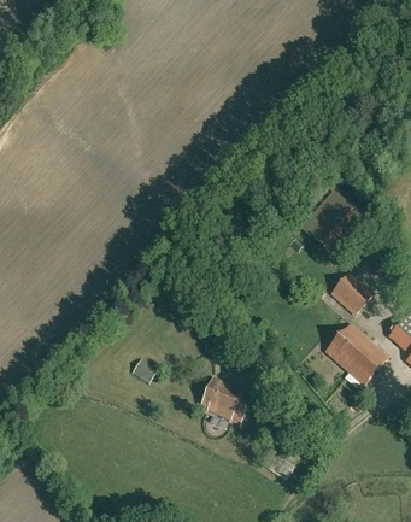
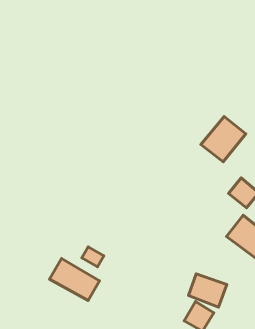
building: none -> [50,259,99,301]
building: [199,377,252,424] -> [188,274,227,307]

